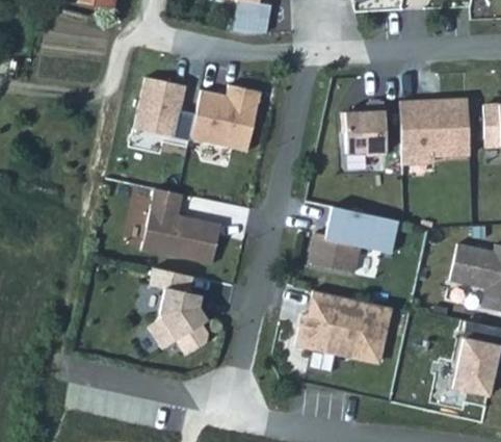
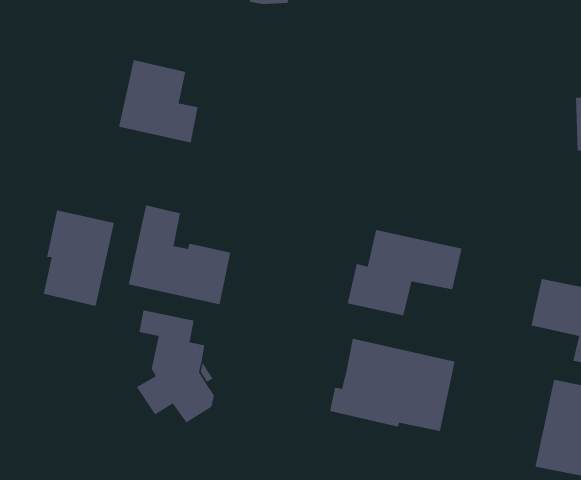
building: [190,84,261,151] -> none
building: [399,99,469,158] -> none
building: [342,102,387,156] -> none
building: none -> [43,209,115,307]

